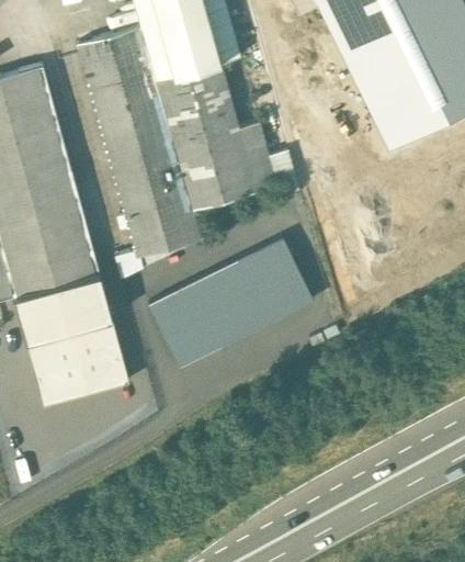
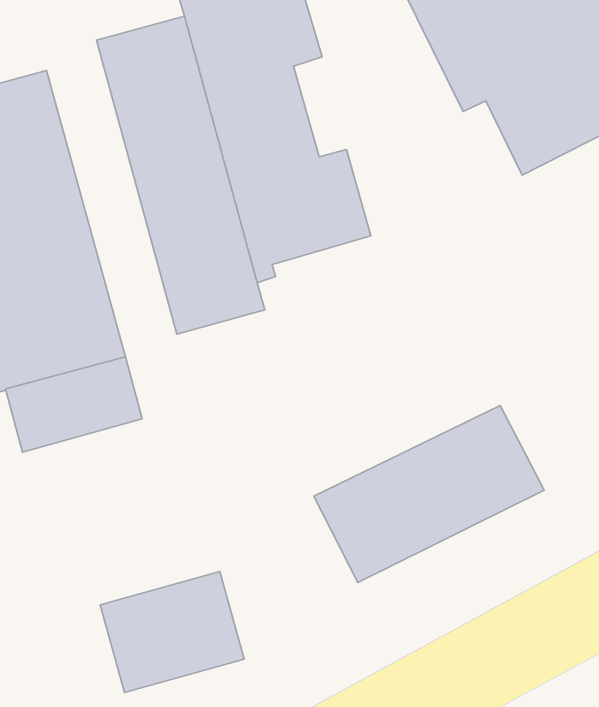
building: [148,238,315,367] -> [314,405,544,583]
building: [25,318,129,406] -> [100,571,244,693]

